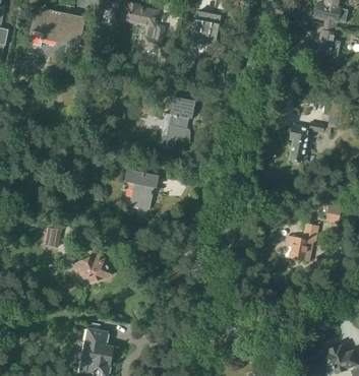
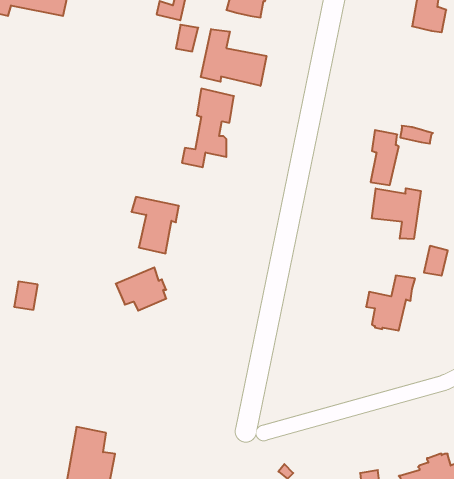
building: none -> [201,29,266,86]
building: none -> [372,188,421,239]
building: [76,252,111,281] -> [116,267,166,311]

